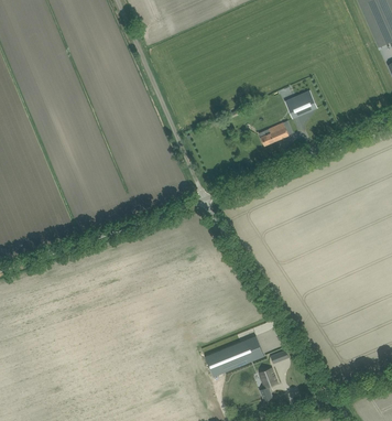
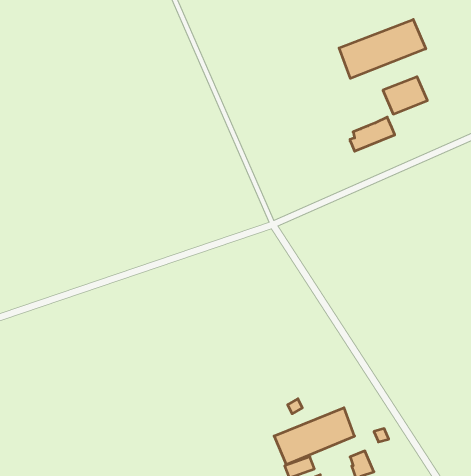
building: none -> [339,19,426,78]

